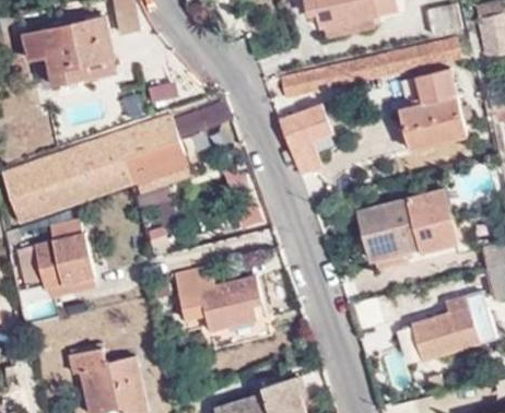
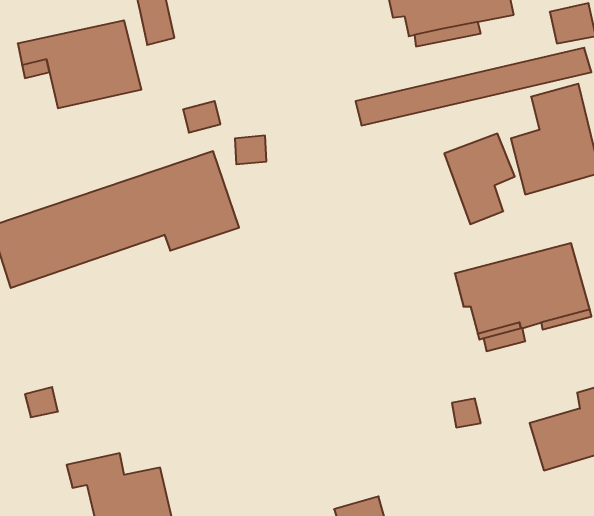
building: [278,104,331,173] -> [444,134,515,224]
building: [19,216,94,286] -> none
building: [173,267,261,331] -> none

